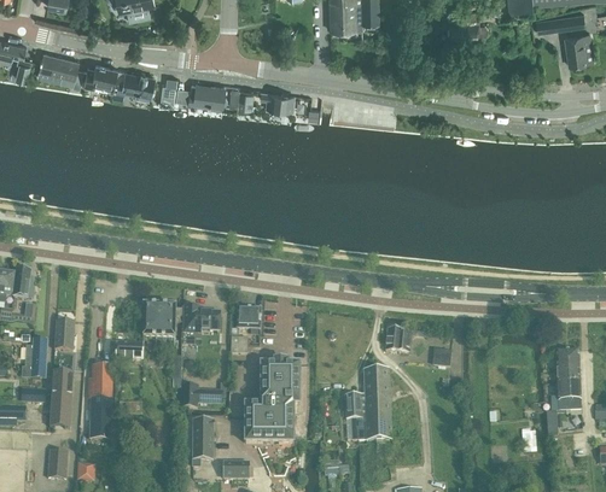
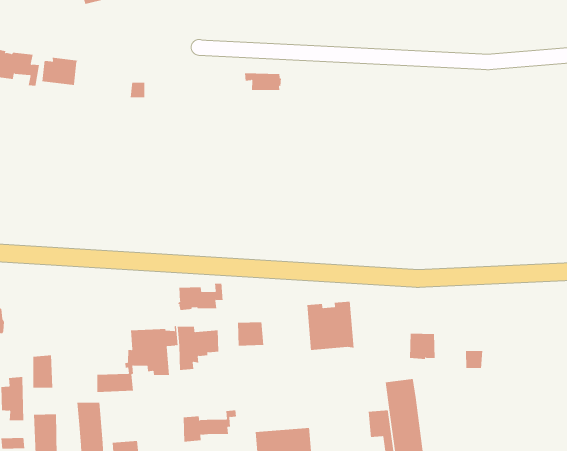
building: [113,69,155,95] -> none
building: [188,82,227,106] -> none
building: none -> [178,283,223,311]
building: [261,364,299,405] -> [306,301,354,350]

